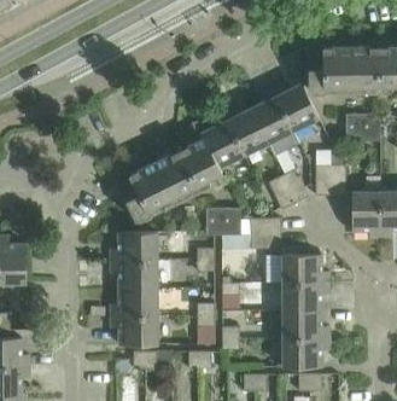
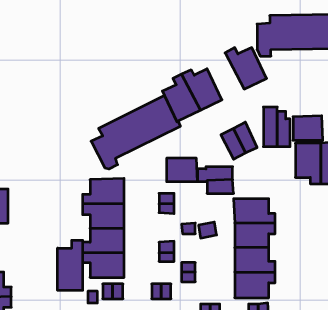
building: [251,88,293,141] -> none
building: [345,112,379,140] -> [293,116,323,140]
building: none -> [58,240,83,290]

